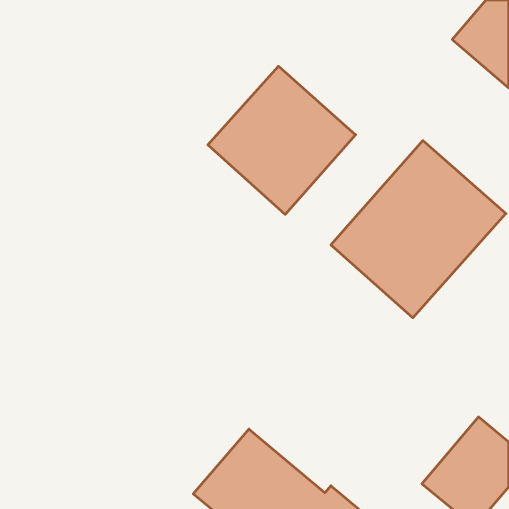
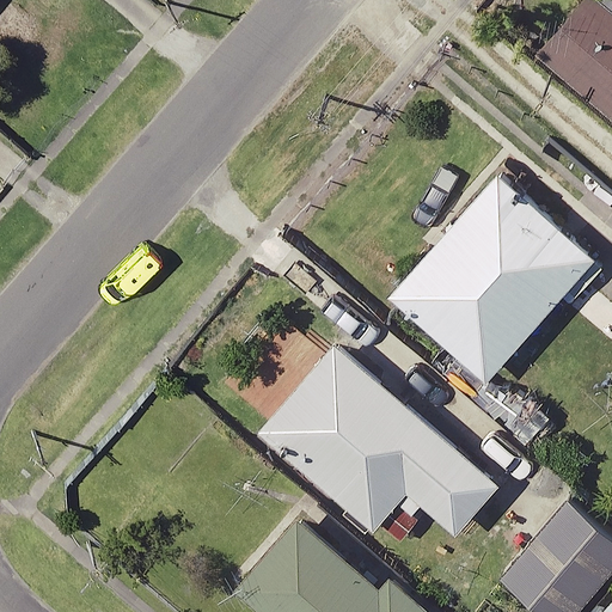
building: [208,66,356,214] -> none
building: none -> [259,345,501,539]

